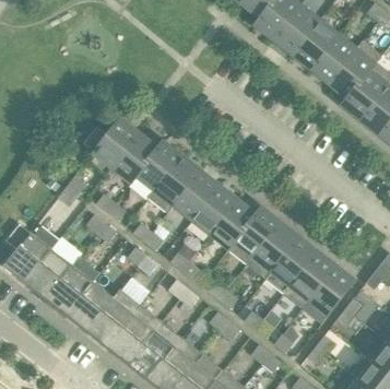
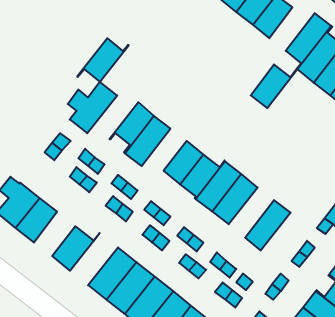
building: [311,34,363,83] -> [251,64,296,108]
building: [106,133,164,182] -> [77,38,129,82]
building: [167,170,218,219] -> none
building: [265,237,317,294] -> none
building: [46,264,93,315] -> none
building: [302,266,355,315] -> none
building: [86,288,141,347] -> none

